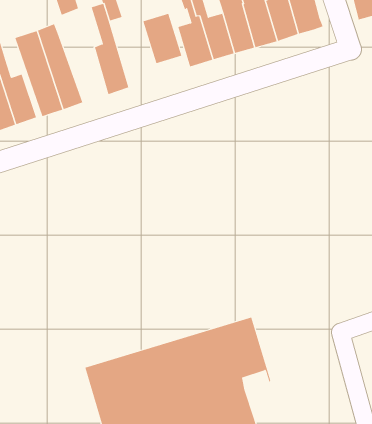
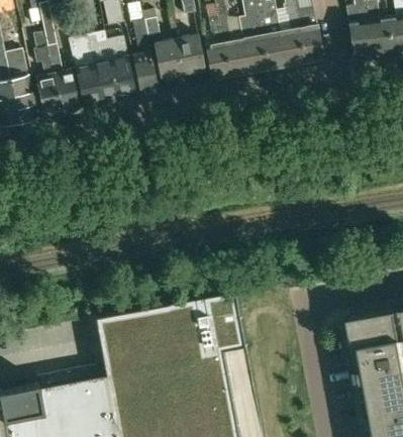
building: none -> [154,38,182,79]
building: none -> [104,36,136,100]

